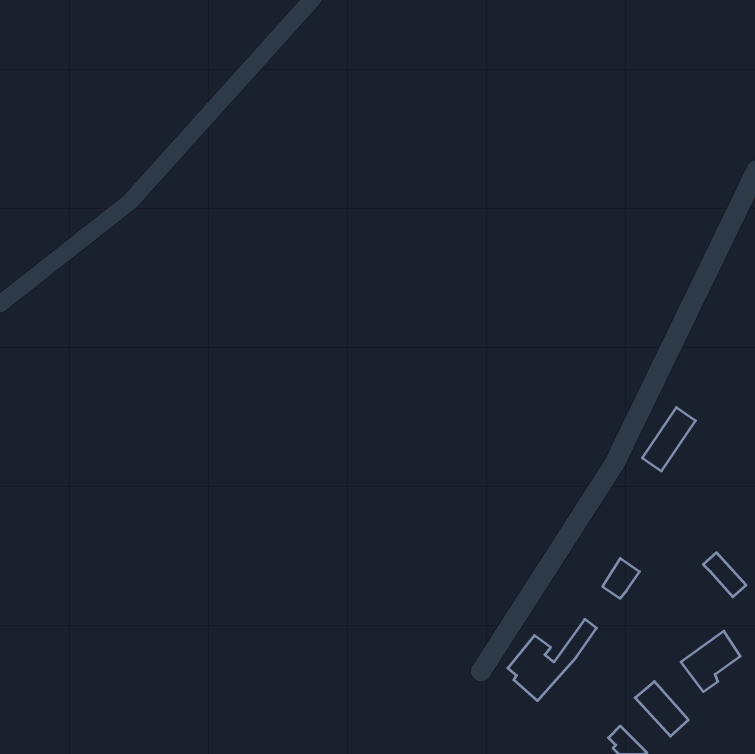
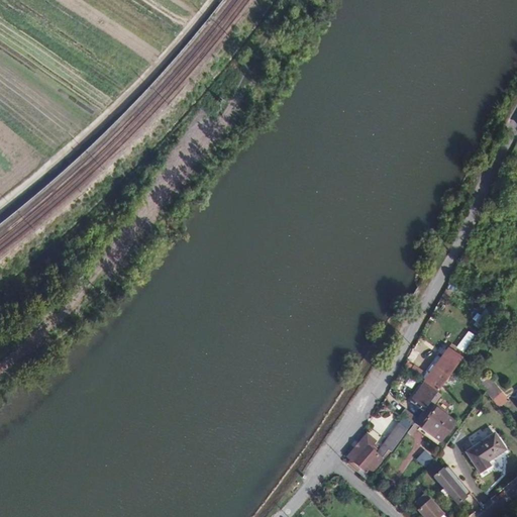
building: [642,407,696,471] -> [424,346,460,390]
building: none -> [414,403,453,440]

